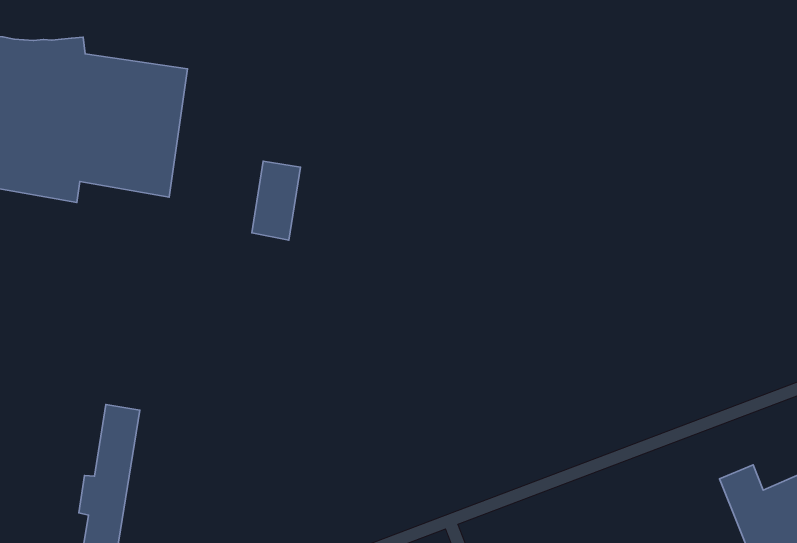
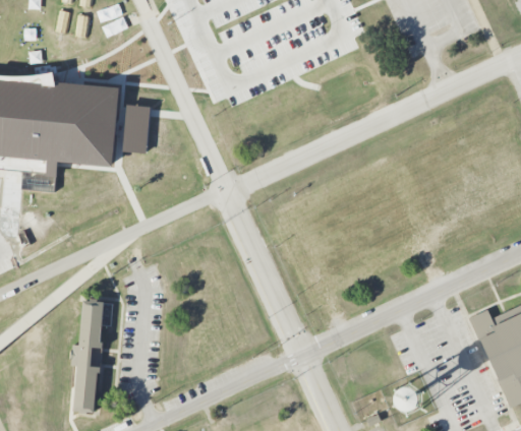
building: [252,161,300,240] -> [123,106,151,153]

